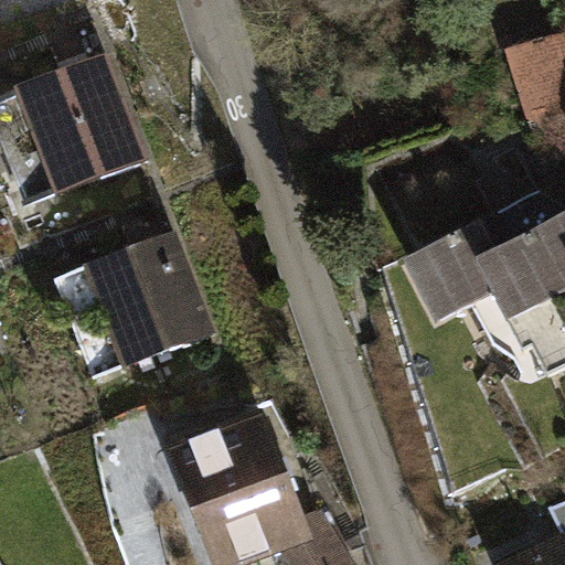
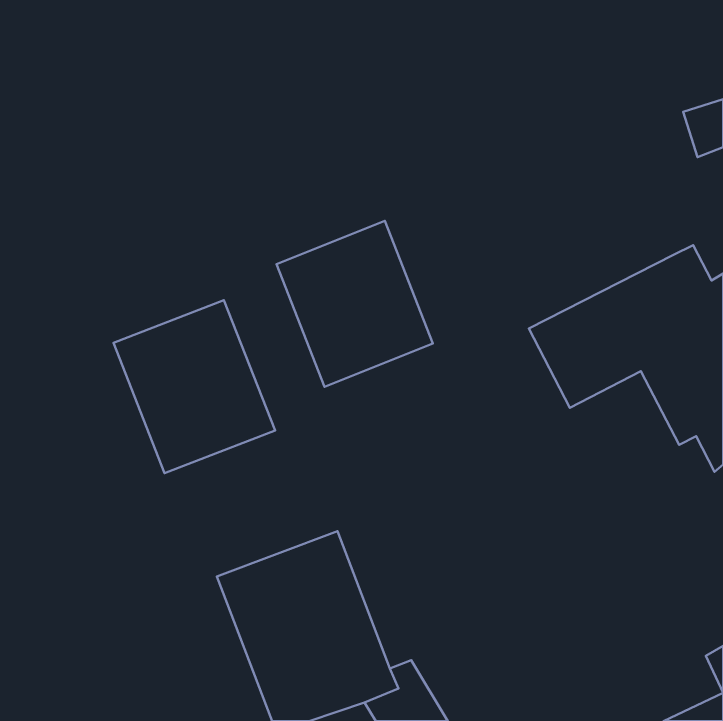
building: [13,54,148,194] -> none
building: none -> [276,221,433,387]

